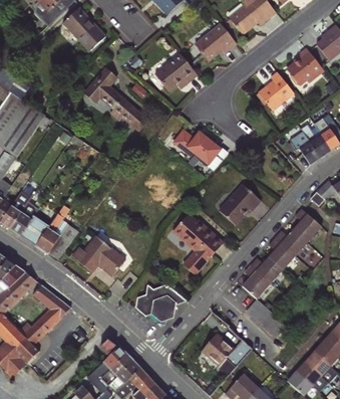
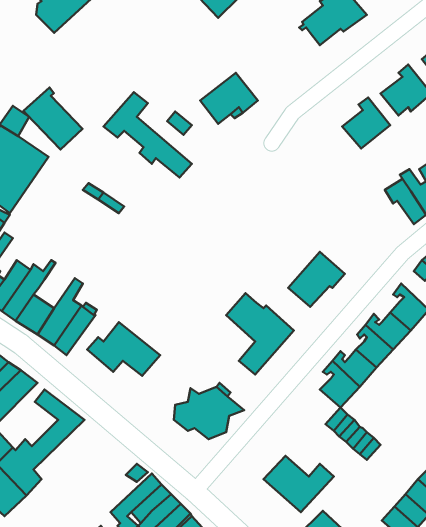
building: [62,6,105,51] -> [23,88,83,150]
building: [195,24,236,60] -> none
building: [174,126,229,164] -> none

